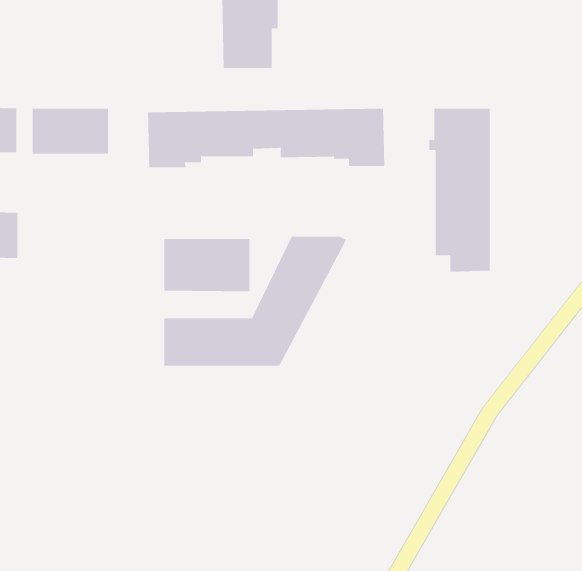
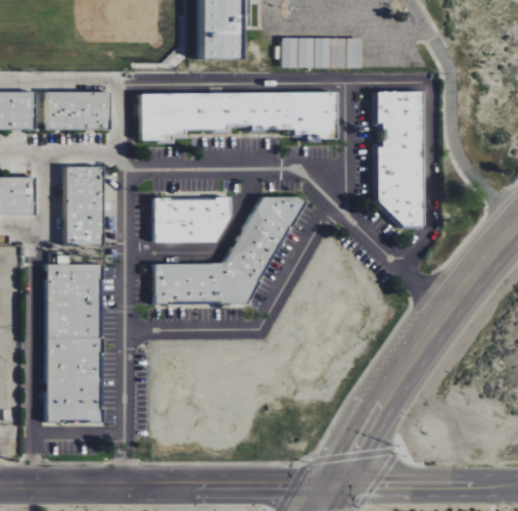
building: none -> [280,38,361,67]
building: none -> [59,167,97,244]
building: none -> [45,264,101,422]

